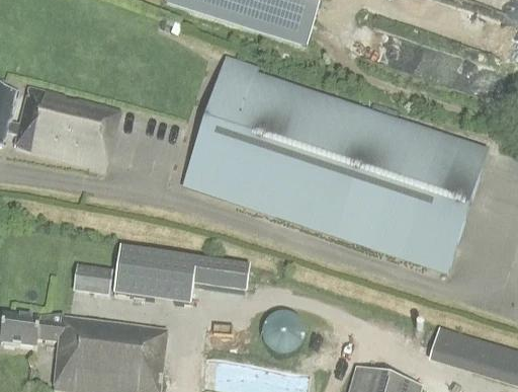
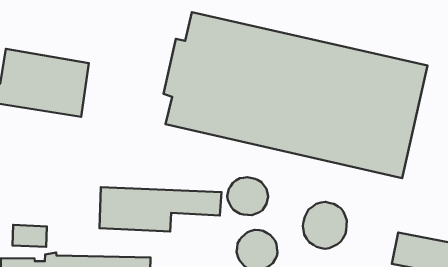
building: none -> [227,177,268,215]
building: [72,263,111,291] -> [12,225,47,247]
building: none -> [303,202,347,249]

